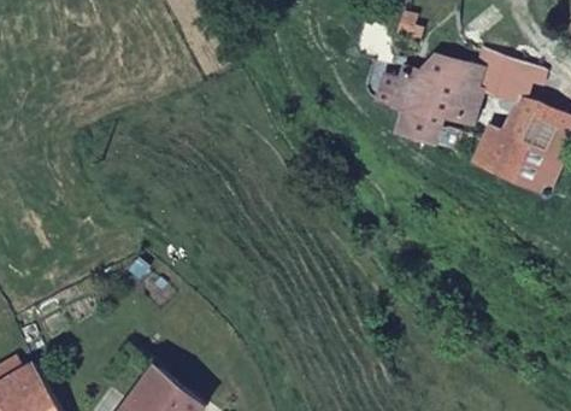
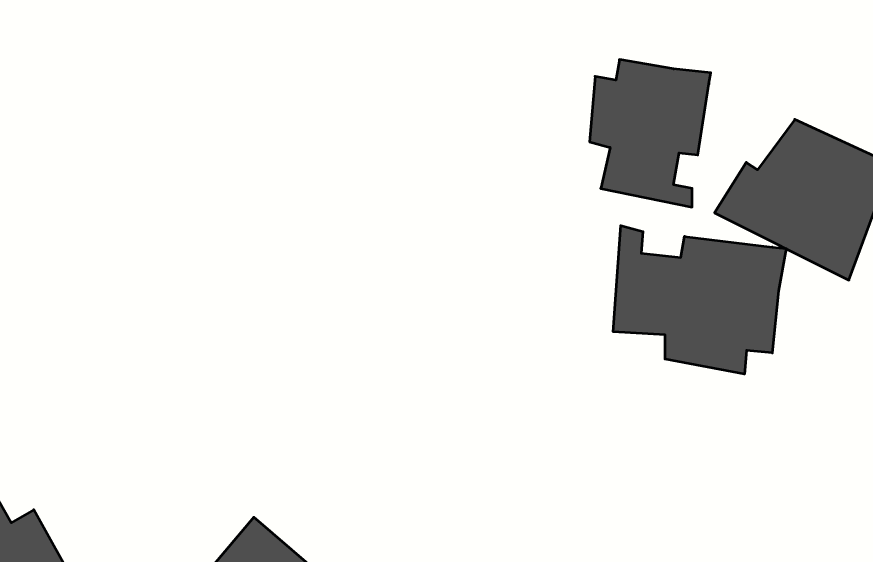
building: [464,51,530,101] -> none
building: none -> [613,226,786,374]

